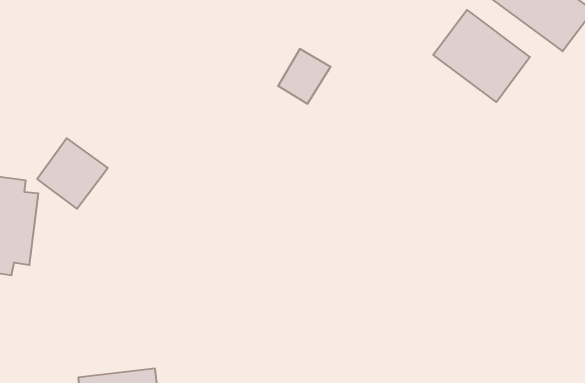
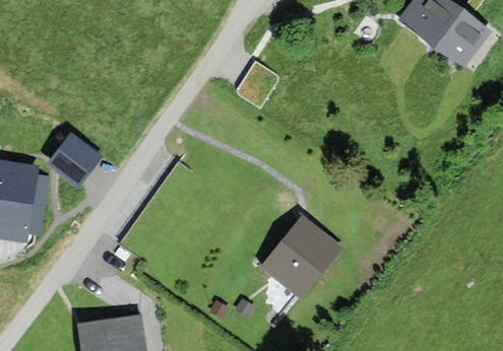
building: [433,10,530,102] -> none
building: none -> [263,217,341,298]

